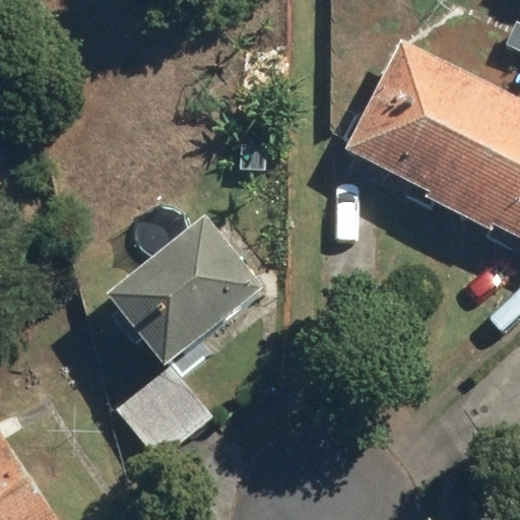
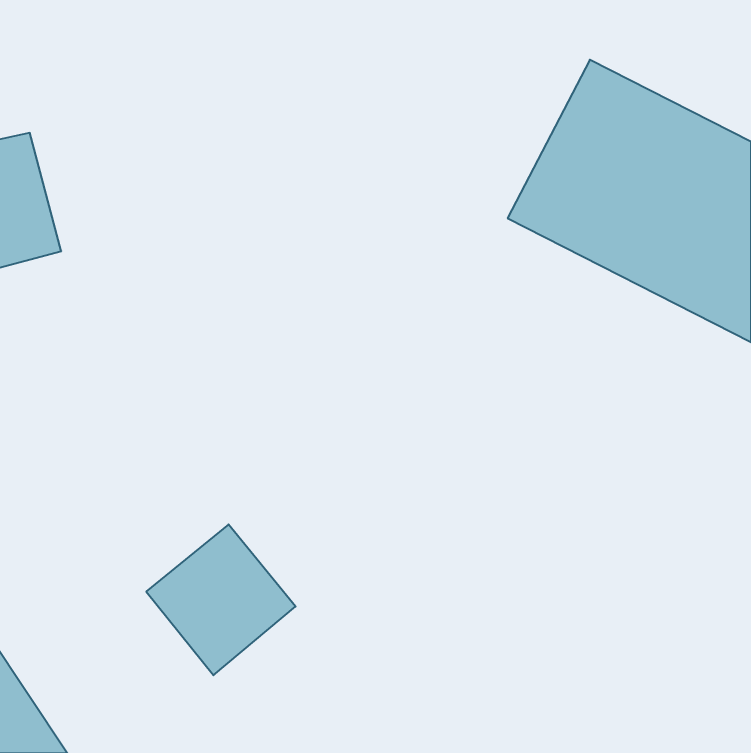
building: [108,214,267,369] -> none

